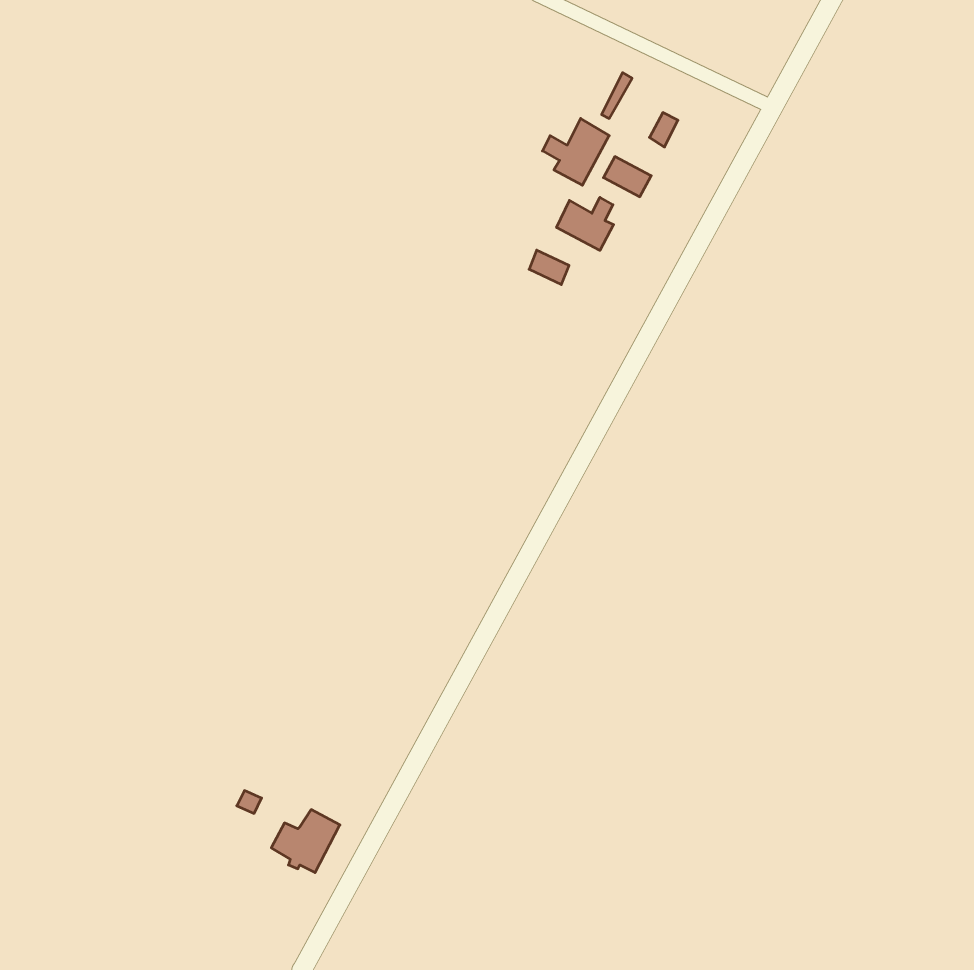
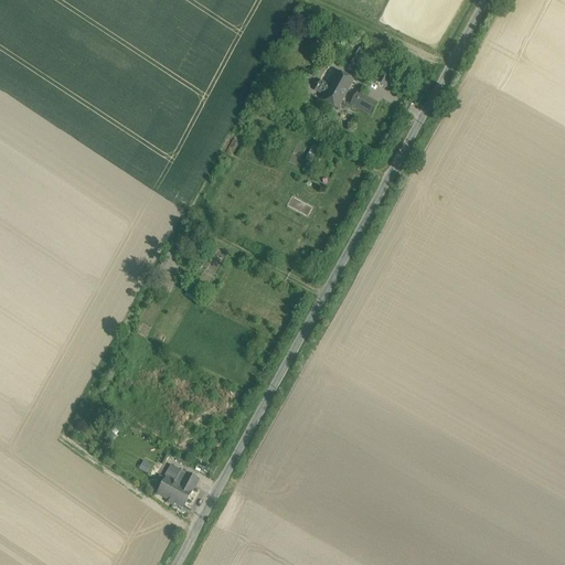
building: [557,197,614,250] -> none

